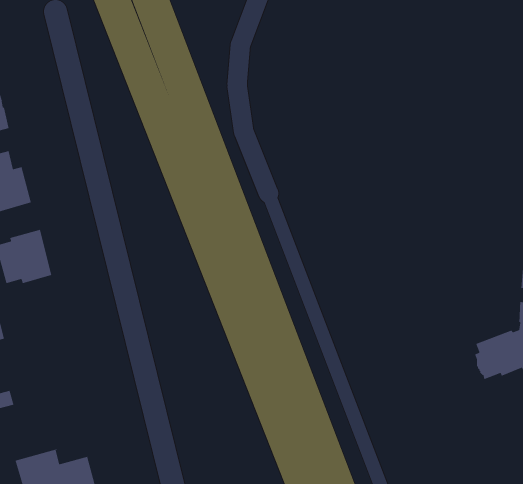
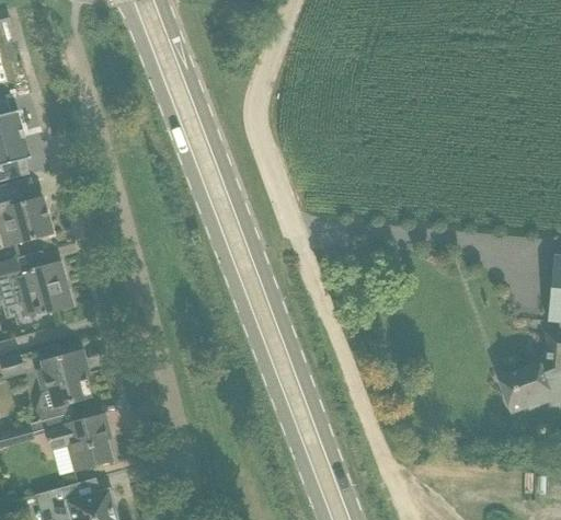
building: none -> [34,348,90,420]
building: none -> [44,415,113,471]

